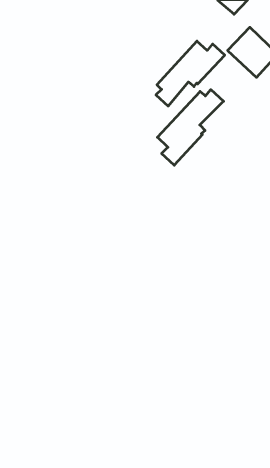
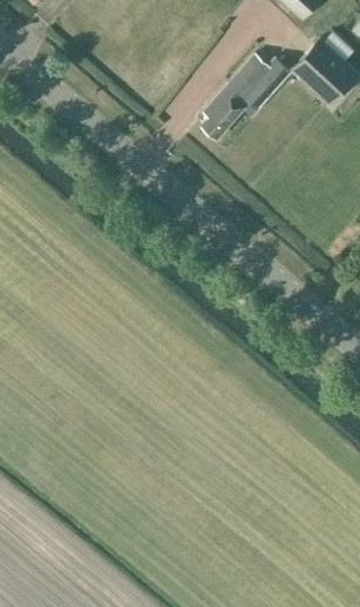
building: [157,90,224,165] -> none

